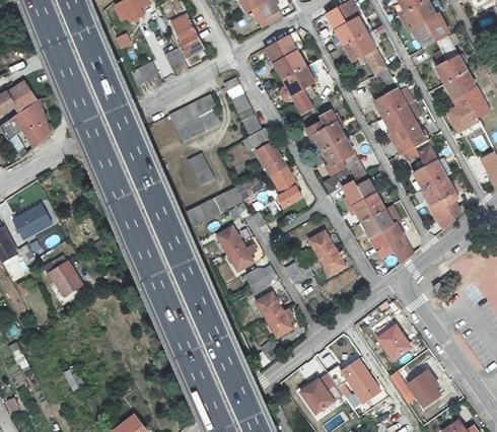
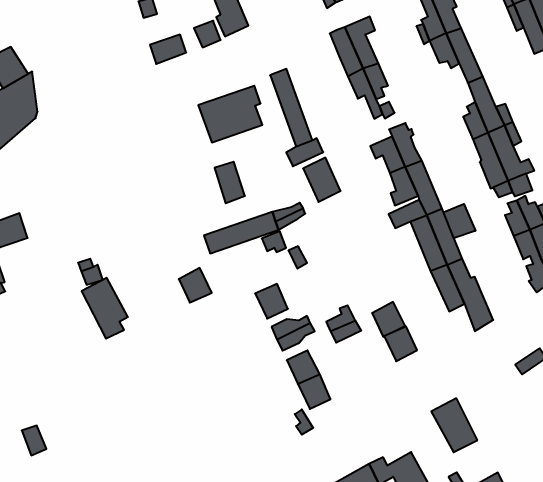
building: [270,166,300,207] -> none
building: none -> [444,204,475,238]
building: [218,224,244,251] -> [179,268,212,303]
building: [308,230,335,258] -> [384,327,417,361]
building: [43,255,80,301] -> [82,278,128,339]

